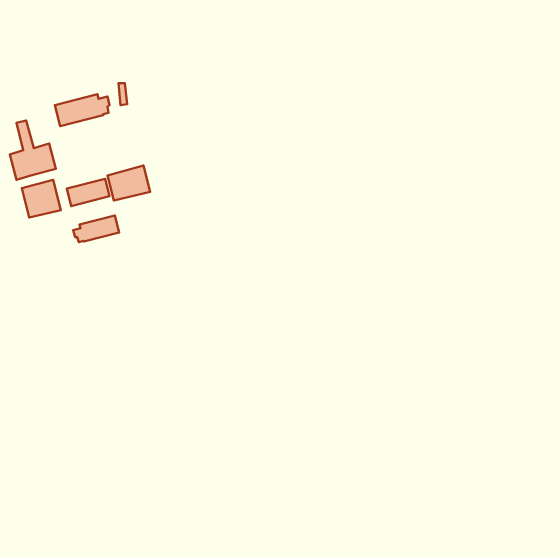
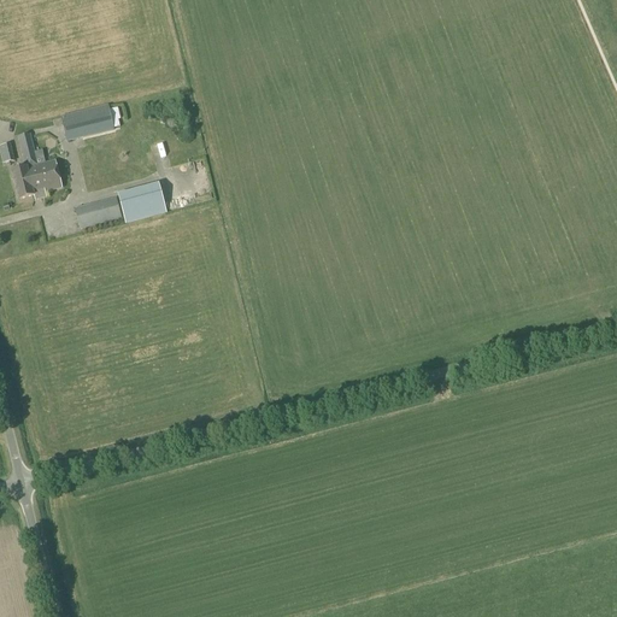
building: [22,180,61,217] -> none
building: [73,215,119,242] -> none

